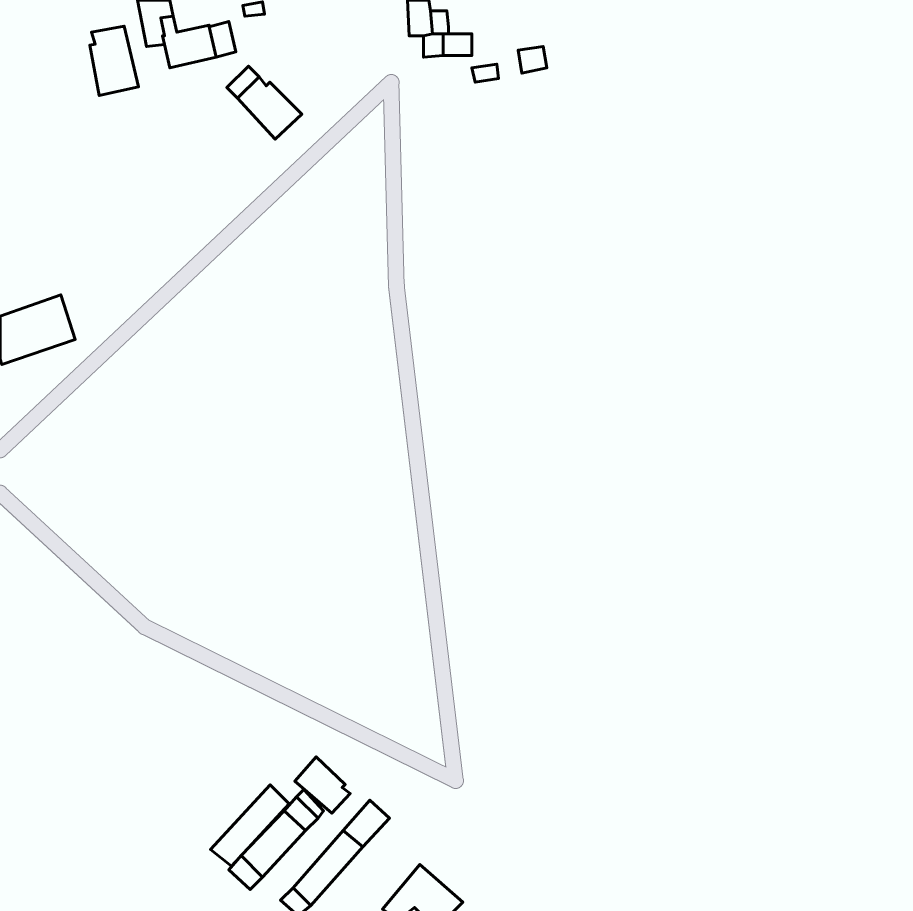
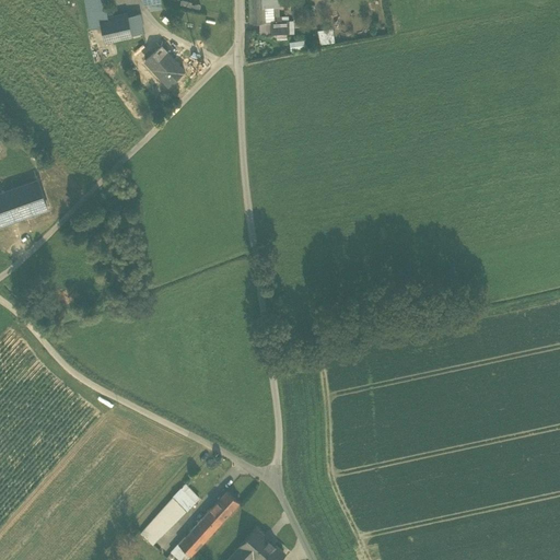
building: [90,26,138,95] -> none
building: [295,757,350,813] -> none
building: [210,785,289,866] -> none

